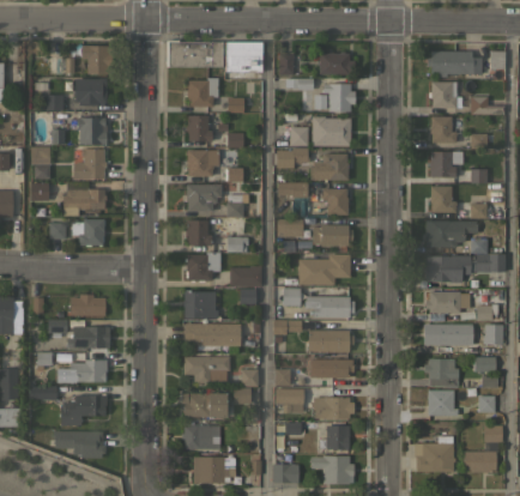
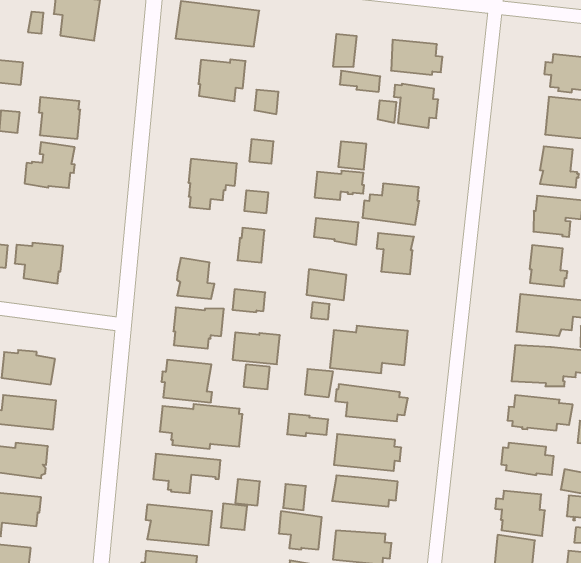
building: [225,42,262,79] -> none
building: [75,78,107,105] -> none
building: [187,115,212,140] -> none
building: [312,116,351,146] -> none
building: [187,185,222,211] -> none
building: [66,189,107,210] -> none
building: [313,224,352,246] -> none

